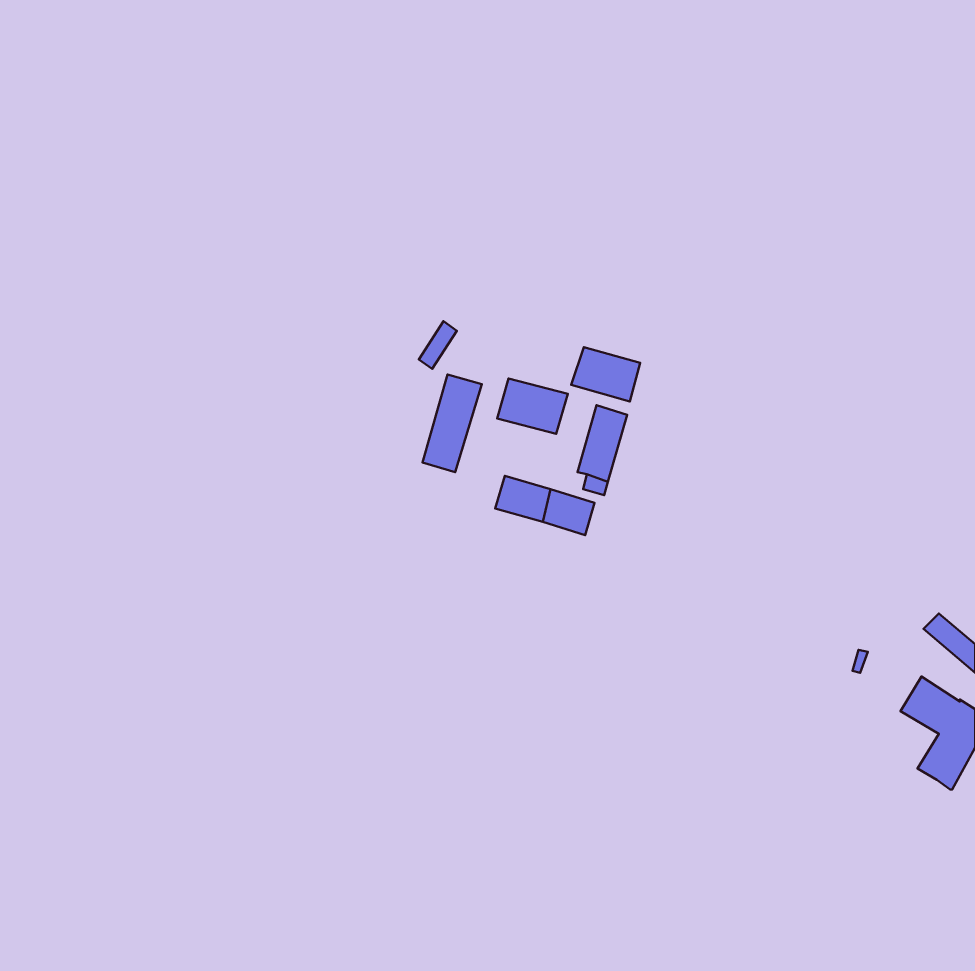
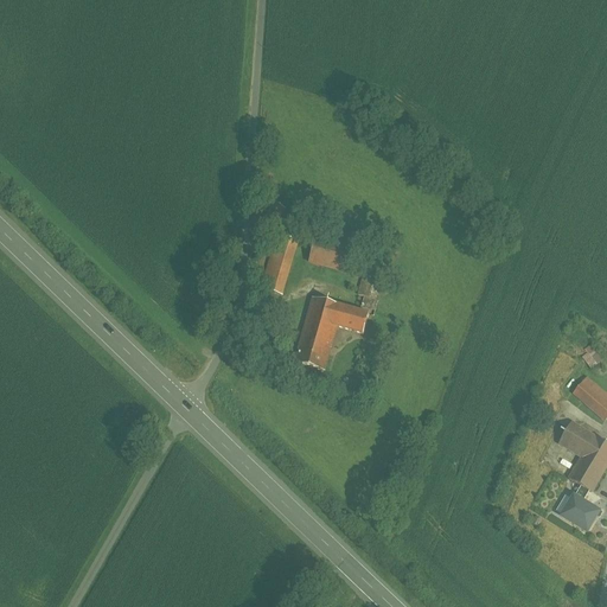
building: [571,347,640,402] -> none
building: none -> [294,315,337,369]
building: none -> [564,484,598,529]

